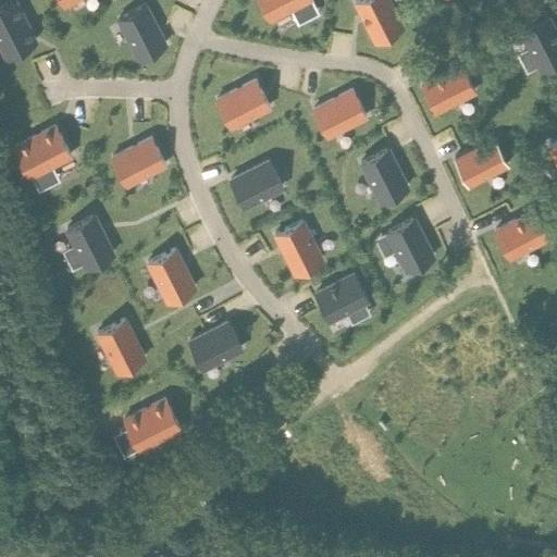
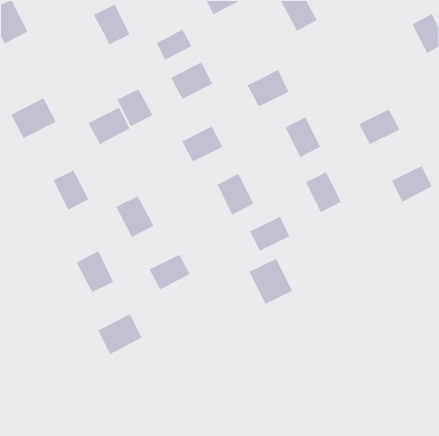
building: none -> [156,29,193,61]
building: [421,67,474,114] -> none
building: none -> [116,88,153,127]
building: none -> [249,258,293,305]

